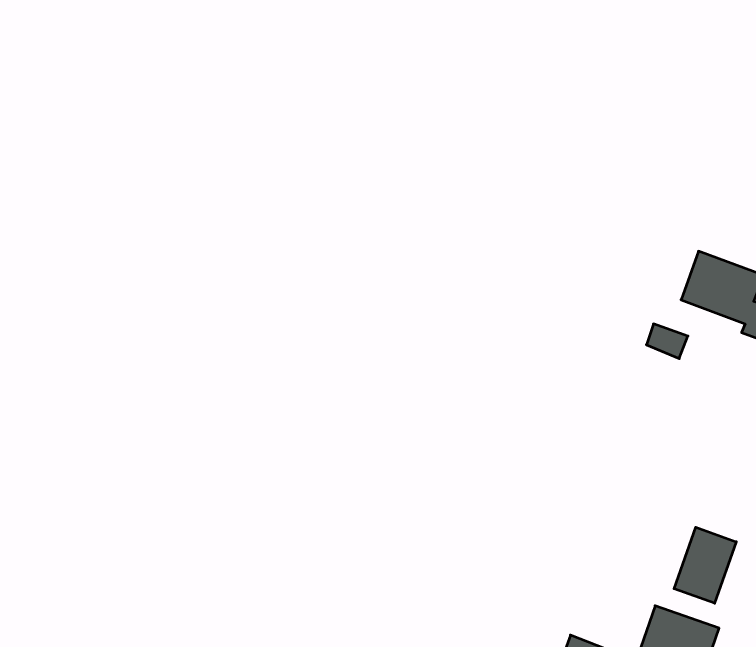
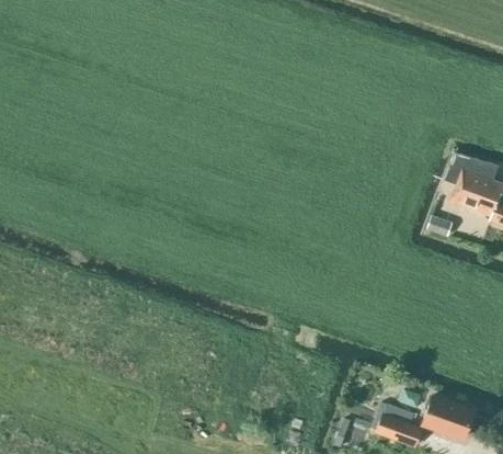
building: [674,527,736,603] -> none

